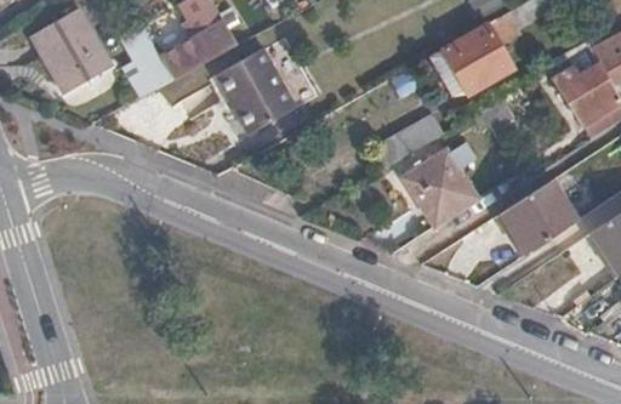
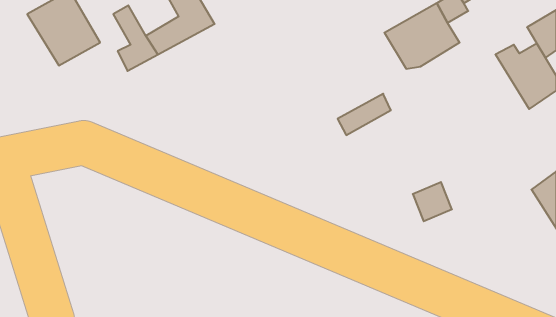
building: [218,47,300,132] -> none
building: [403,150,478,226] -> none
building: [501,180,577,254] -> none

